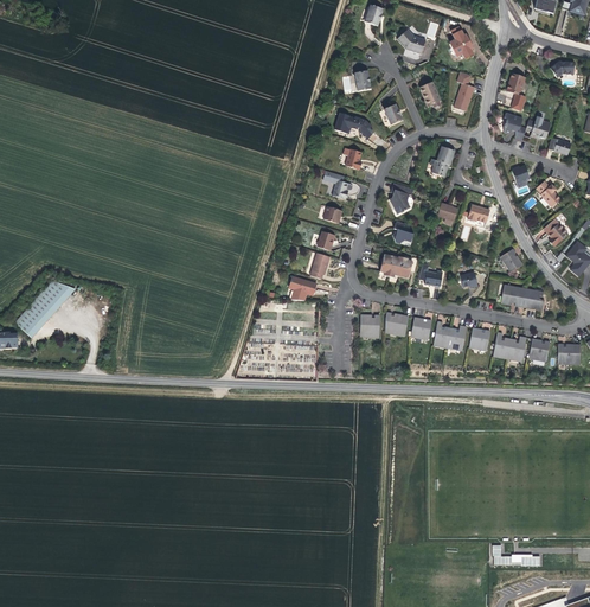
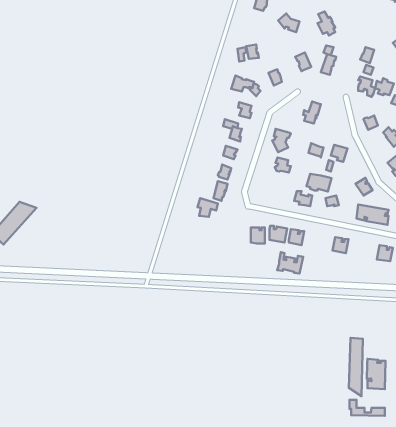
building: [379,254,412,277] -> [306,174,331,192]
building: [432,320,467,349] -> [277,252,303,274]
building: [493,332,526,360] -> none
building: none -> [349,338,363,396]
building: none -> [367,359,385,389]

